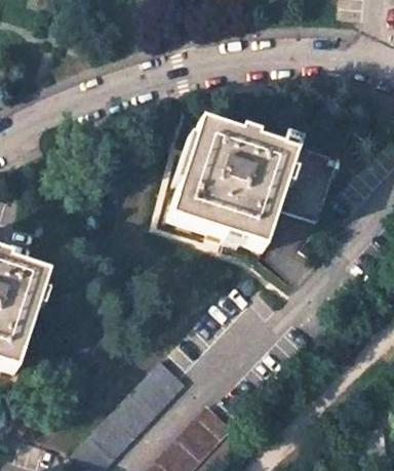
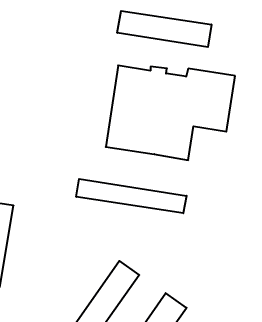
building: none -> [117,11,211,47]
building: none -> [76,179,187,213]

